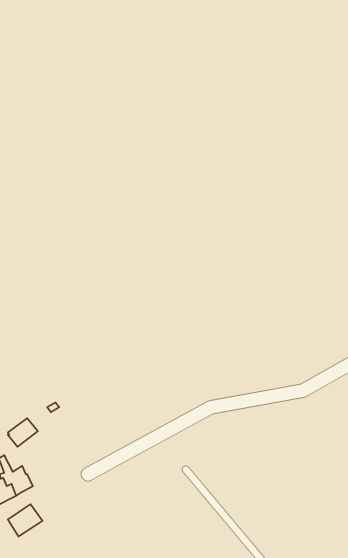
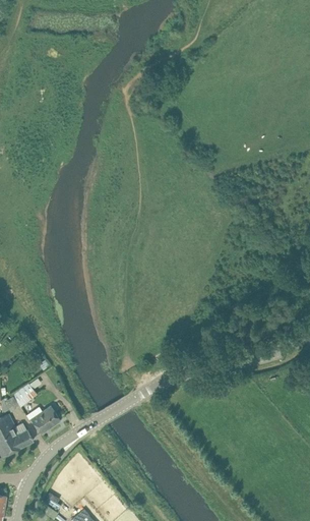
building: [8,504,43,536] -> [30,406,60,433]

